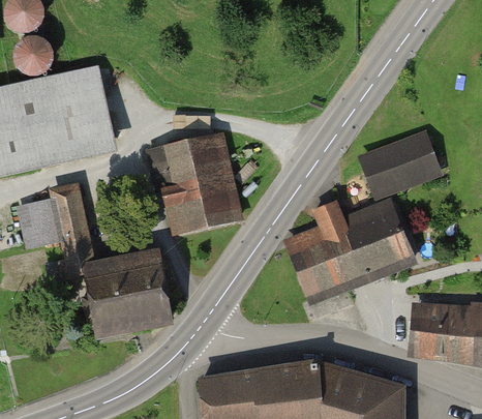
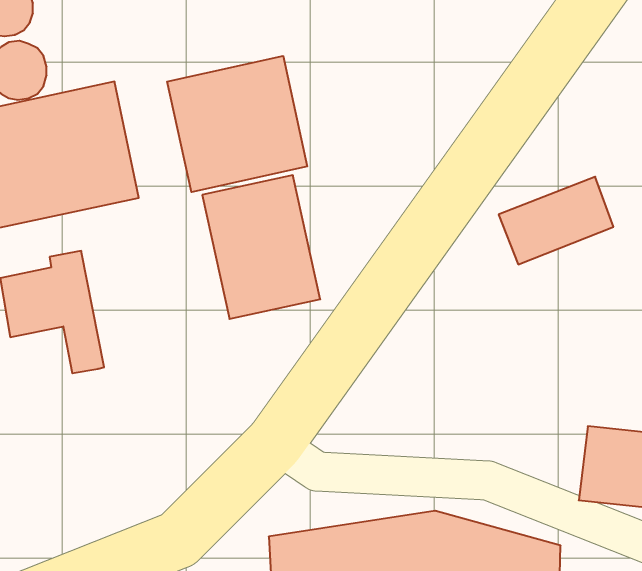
building: none -> [167,56,307,192]
building: [290,202,414,297] -> none
building: [84,250,173,332] -> none

